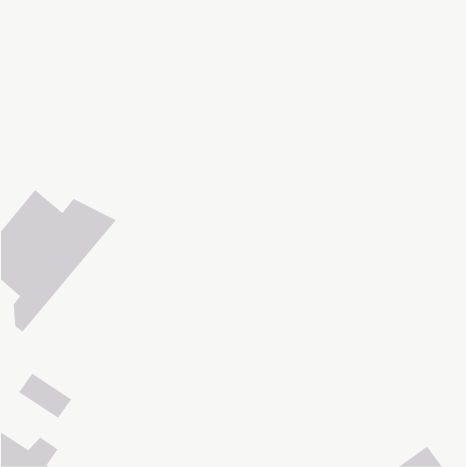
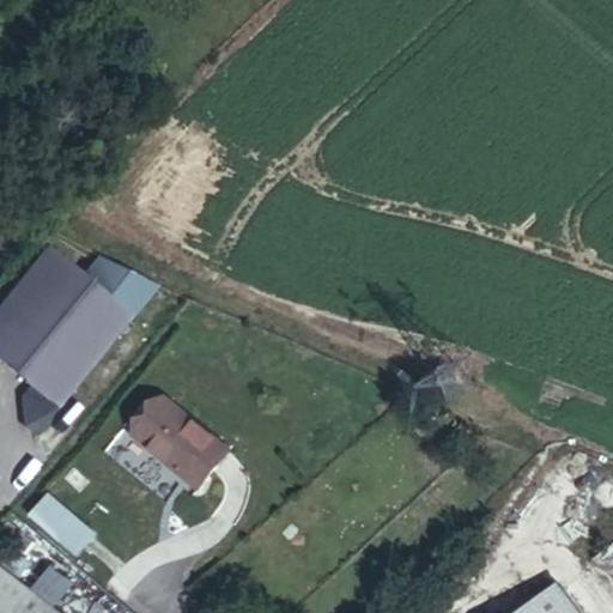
building: none -> [129,400,221,487]

